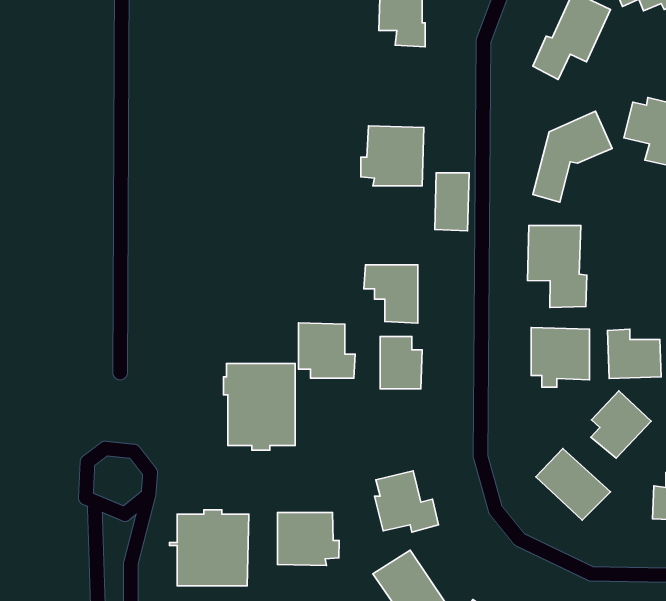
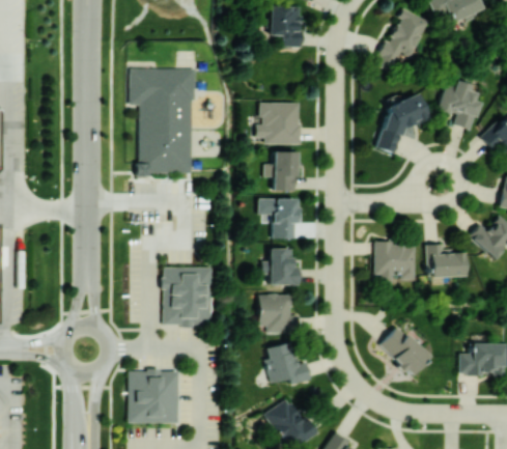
building: none -> [130,68,194,176]
building: [435,173,469,231] -> [273,150,297,191]
building: [527,226,587,308] -> none
building: [299,323,355,378] -> [259,293,299,332]
building: [591,391,651,458] -> none
building: [277,513,339,566] -> none

